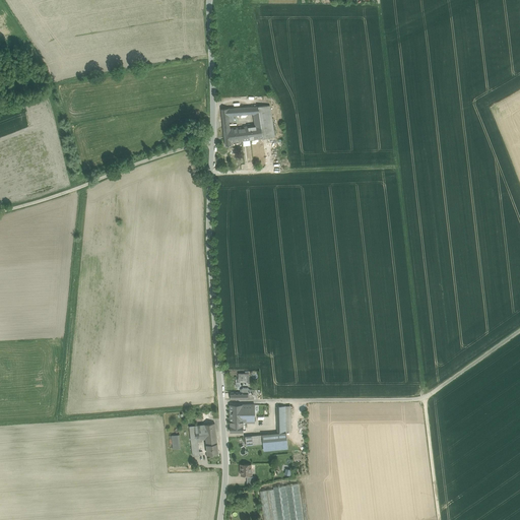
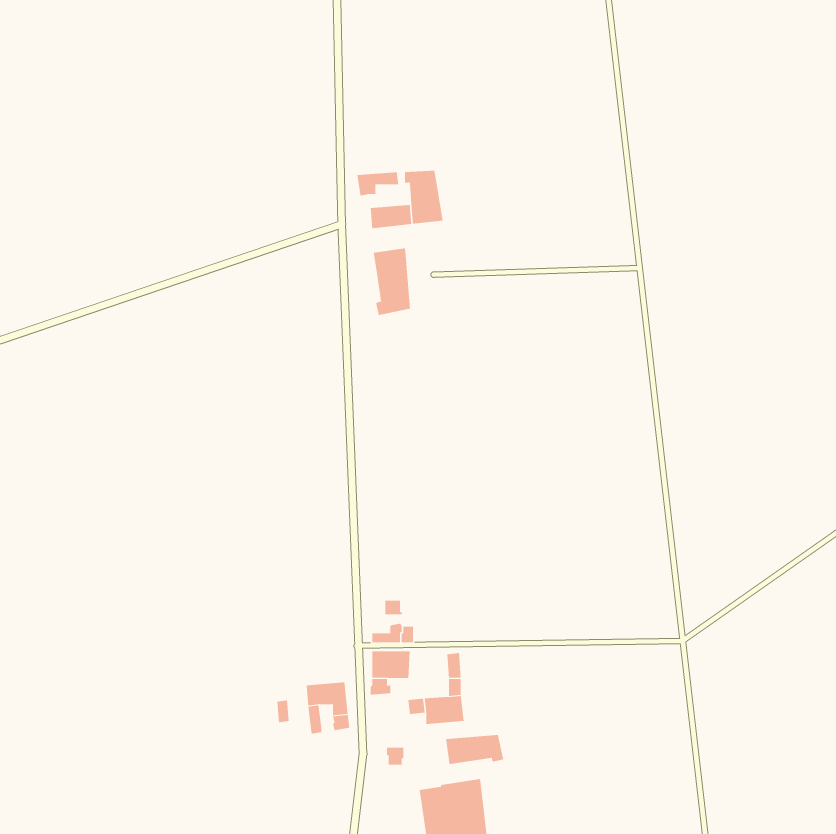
building: none -> [373,247,410,316]
building: none -> [445,734,504,765]

